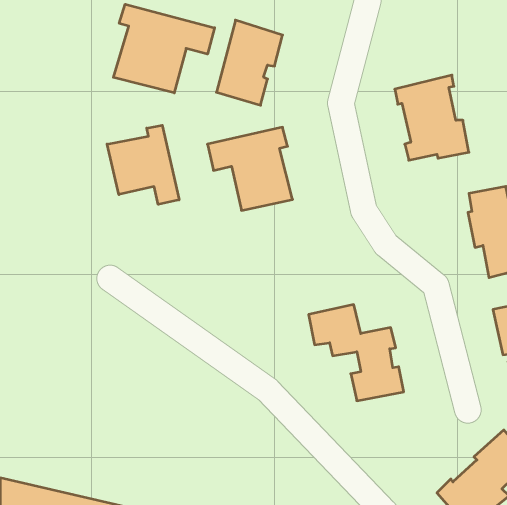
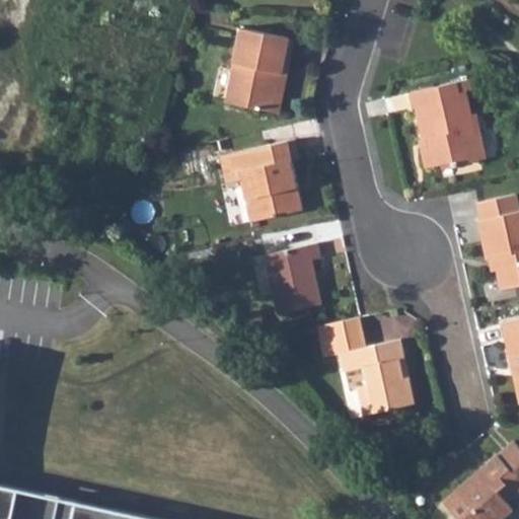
building: [113,4,215,93] -> none
building: [107,125,179,204] -> none
building: none -> [266,239,320,310]

